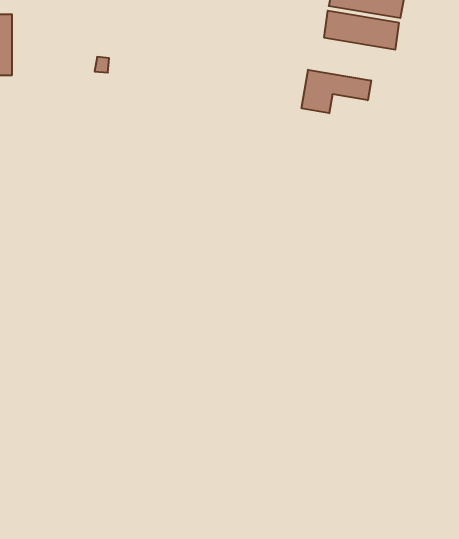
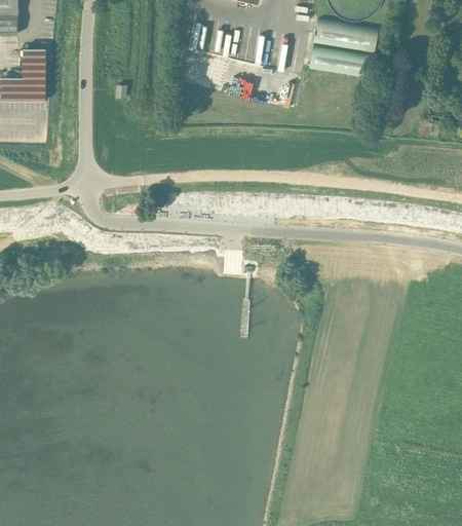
building: [302,70,371,113] -> none

